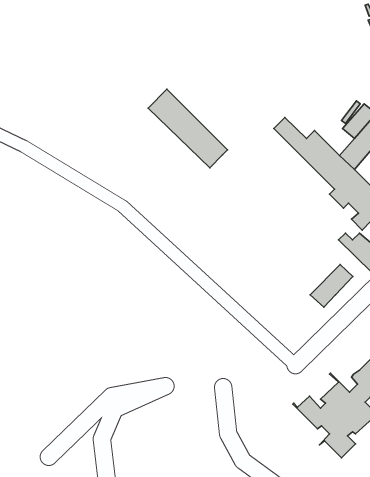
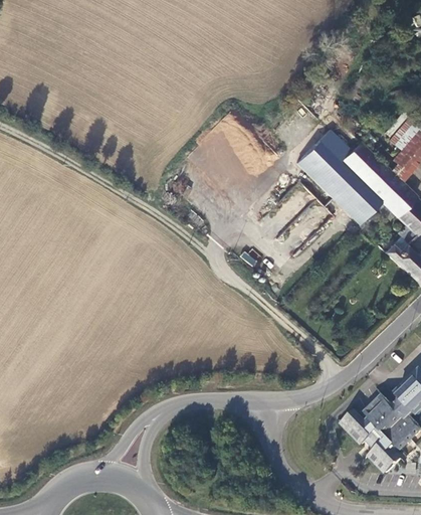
building: [148,89,228,168] -> [299,141,380,220]
building: [310,264,353,307] -> none

